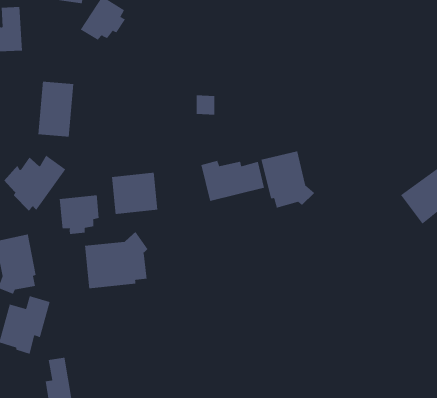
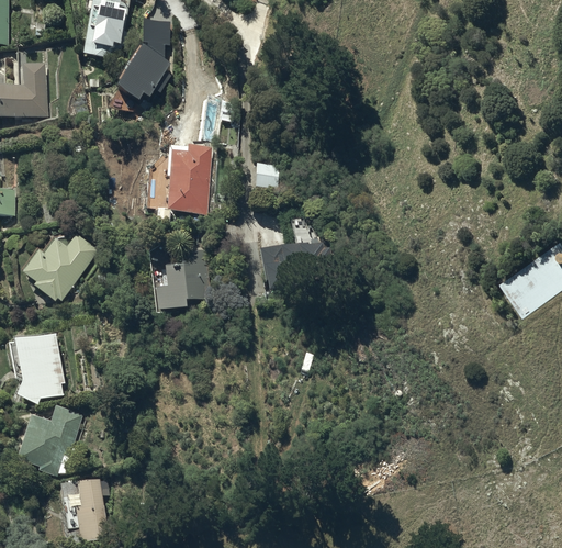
building: [37,81,74,137] -> [166,144,210,211]
building: [261,151,315,208] -> none
building: [59,194,99,235] -> none
building: [85,231,148,289] -> none

